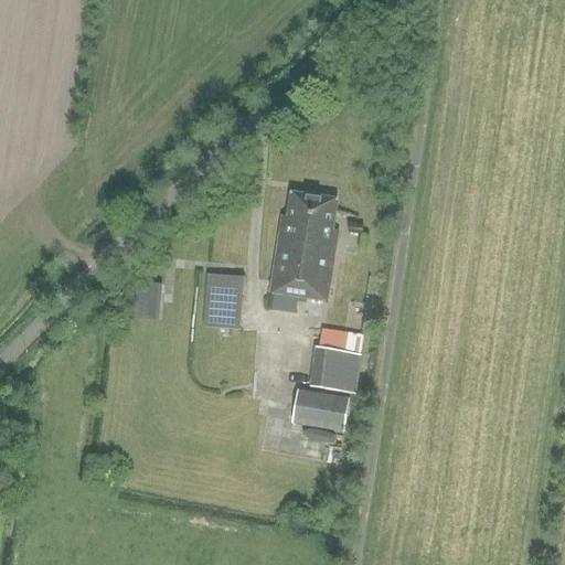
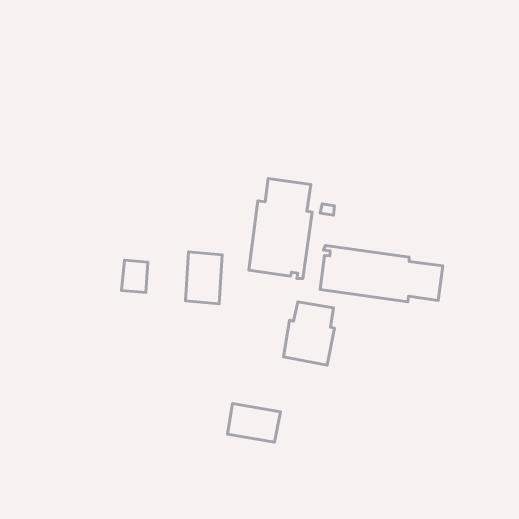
building: none -> [320,246,443,302]
building: [291,390,349,431] -> [228,404,281,442]

